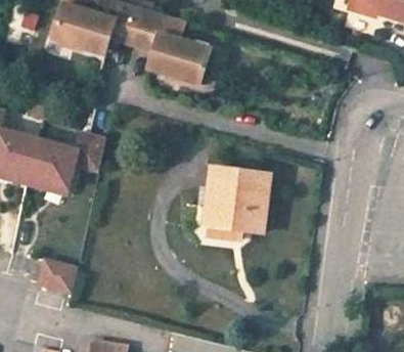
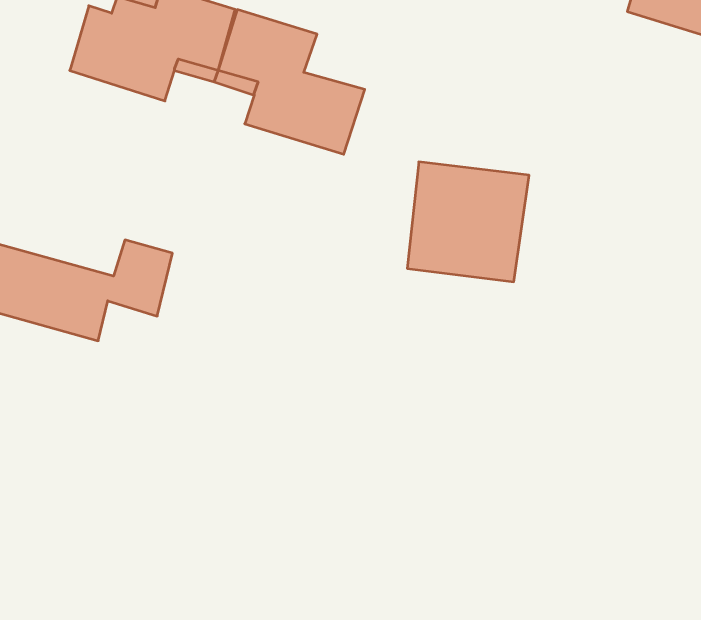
building: [203,168,268,232] -> [407,162,529,282]
building: [37,261,76,293] -> none

